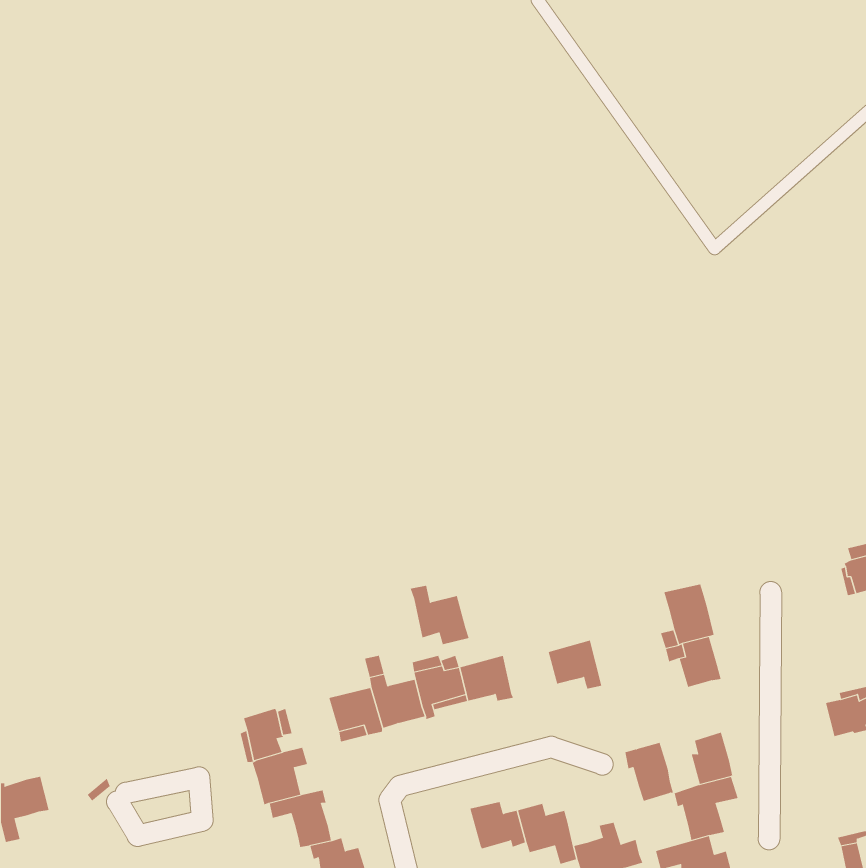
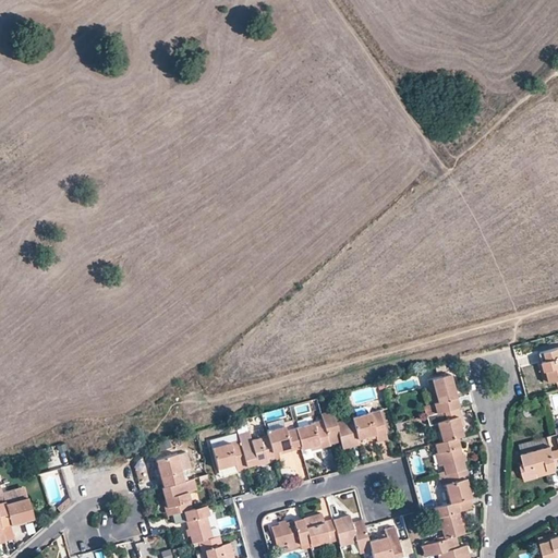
building: [410,585,469,645] -> [323,412,361,450]
building: [624,742,674,802] -> [435,437,466,475]
building: none -> [272,519,310,549]

